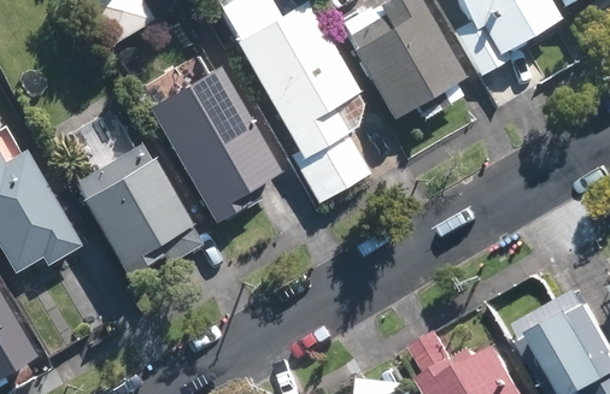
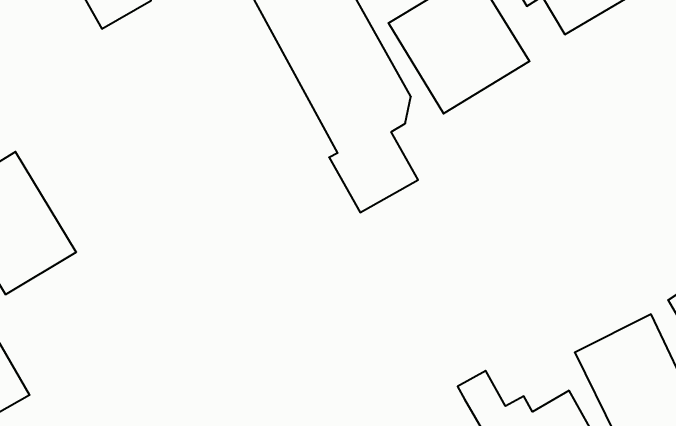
building: [143,70,281,223] -> none
building: [71,117,194,269] -> none

